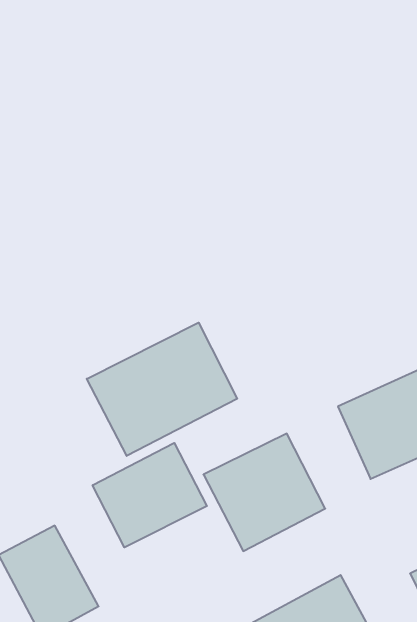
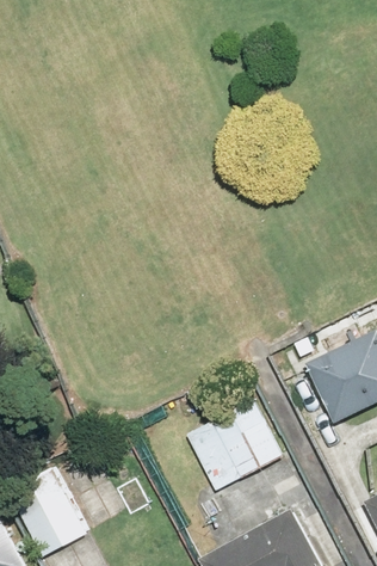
building: [87,323,237,456] -> none
building: [93,443,207,547] -> none

